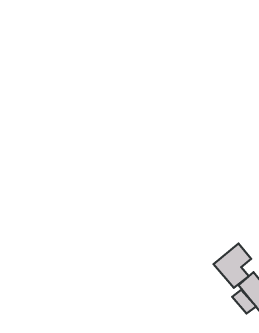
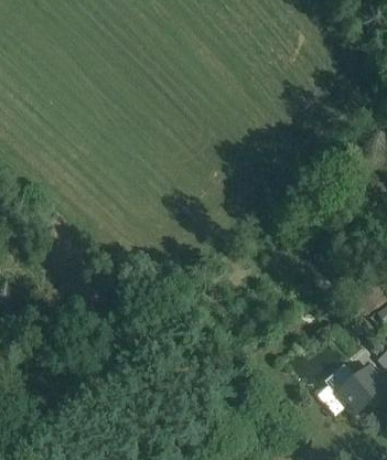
building: [214,243,251,288] -> none

